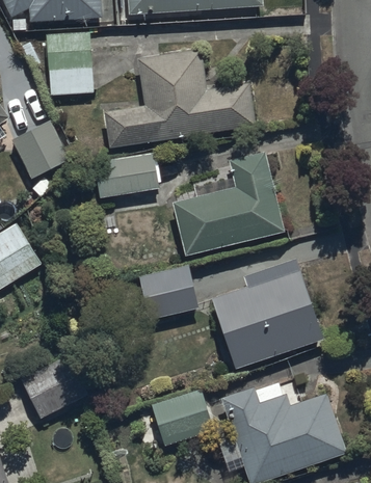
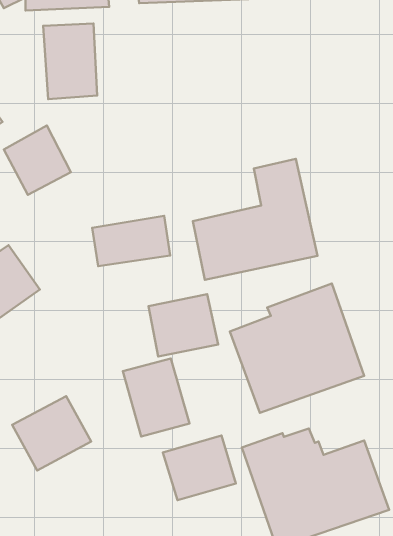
building: [99,49,258,150] -> none
building: [94,153,161,196] -> [92,216,170,266]
building: none -> [123,358,189,436]

